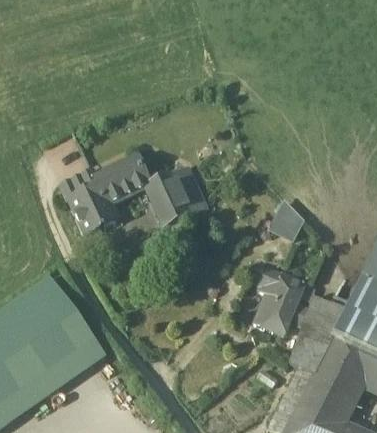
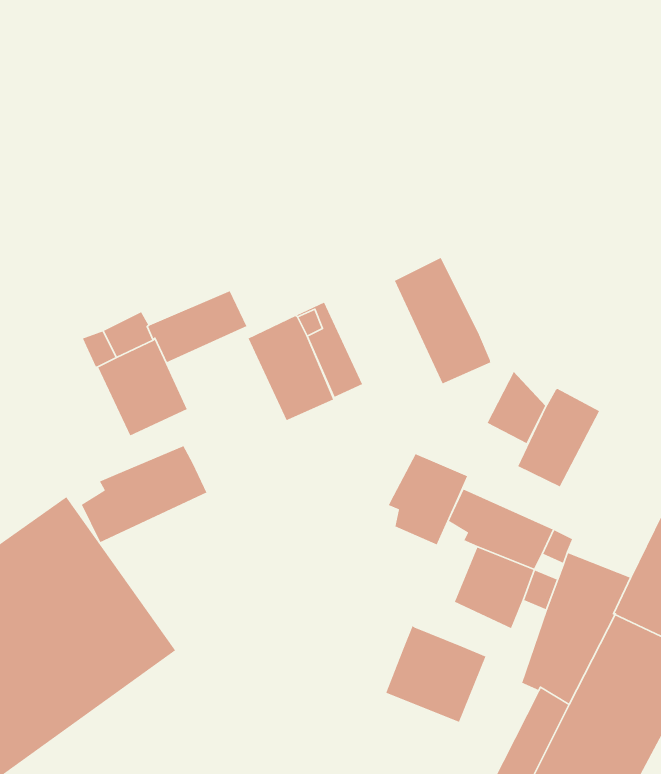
building: none -> [394,257,491,385]
building: none -> [517,388,600,488]
building: none -> [81,445,208,543]
building: none -> [388,453,468,545]
building: none -> [385,625,487,723]

